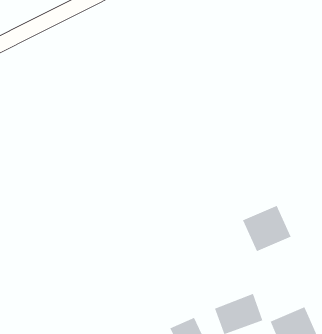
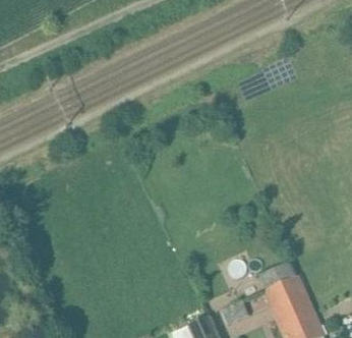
building: [242,205,291,252] -> [265,274,310,318]

